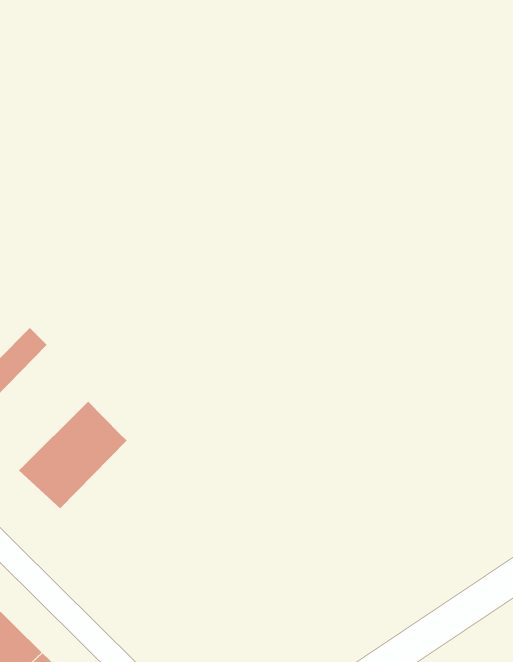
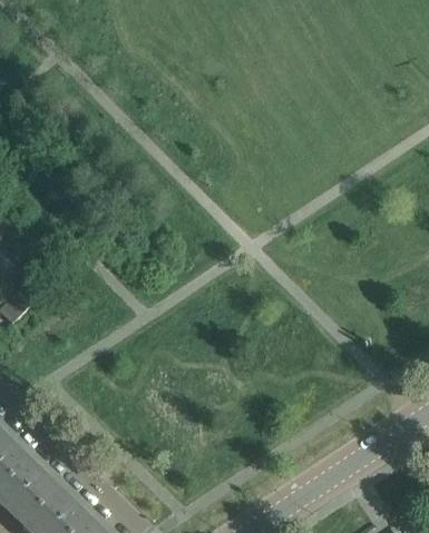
building: [18,401,127,509] -> none

